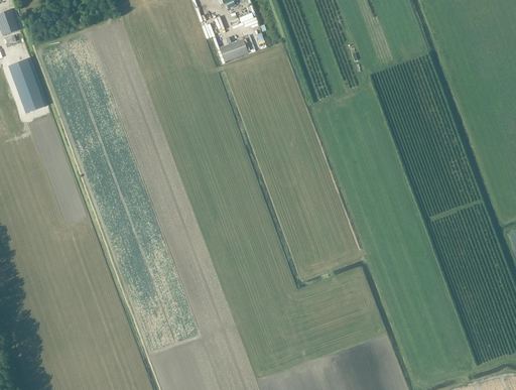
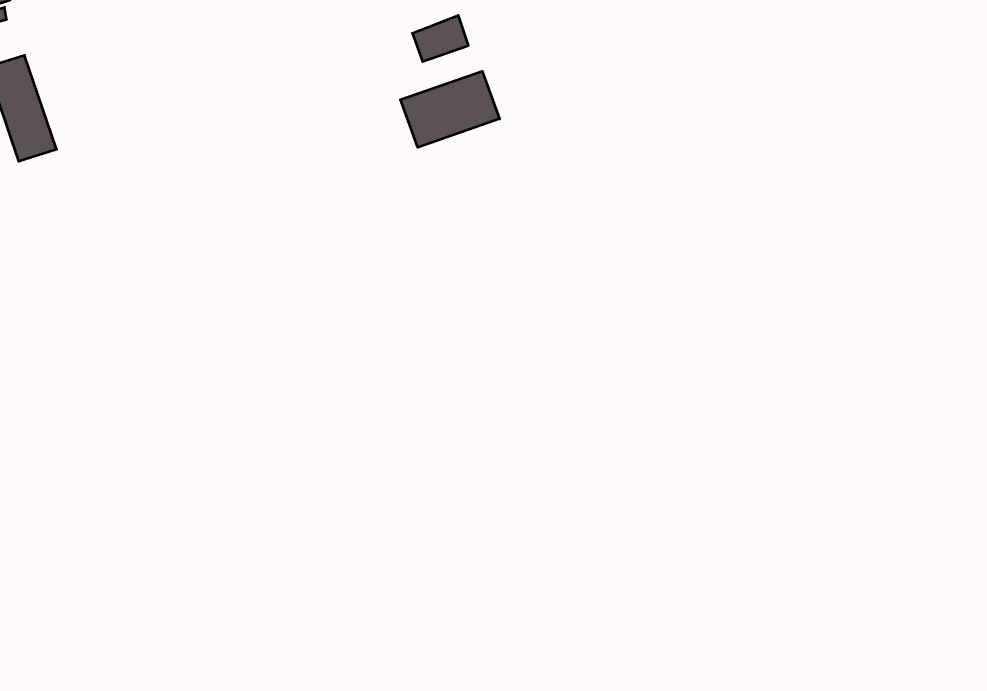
building: none -> [400,71,500,147]

